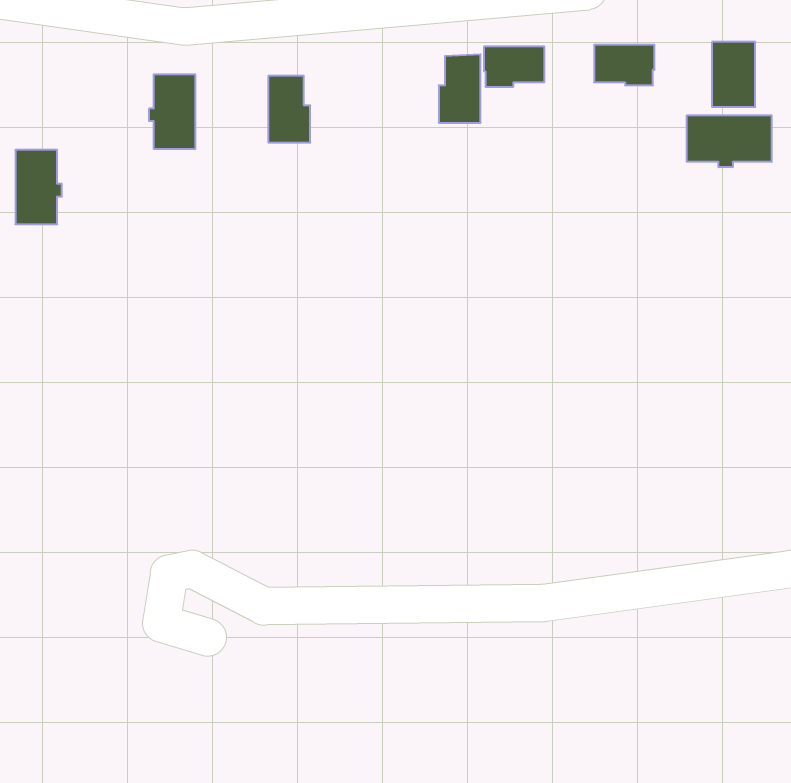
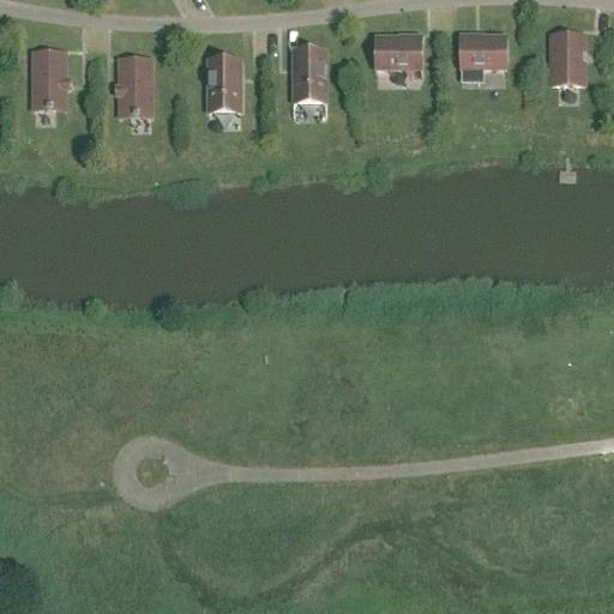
building: [439,54,481,123] -> [293,48,325,101]
building: [687,115,772,167] -> none
building: [15,150,62,224] -> [32,50,68,108]

